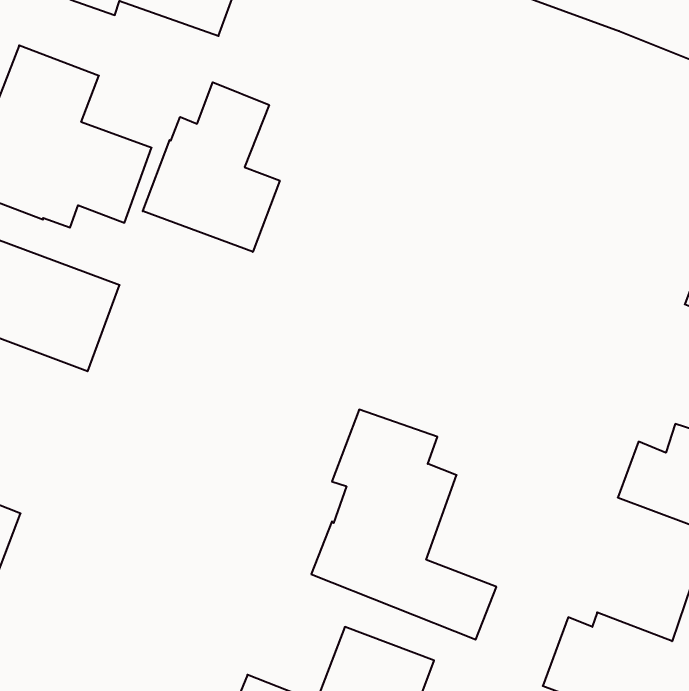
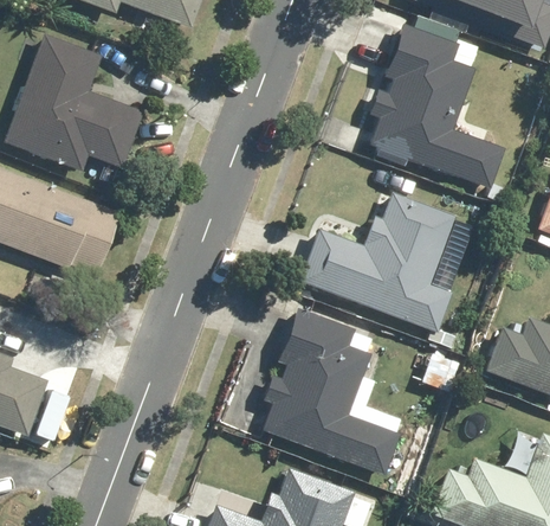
building: none -> [368,26,505,187]
building: [143,82,280,252] -> none
building: none -> [300,191,454,332]

